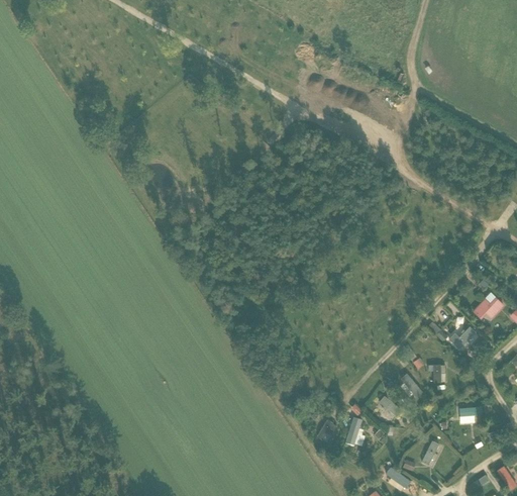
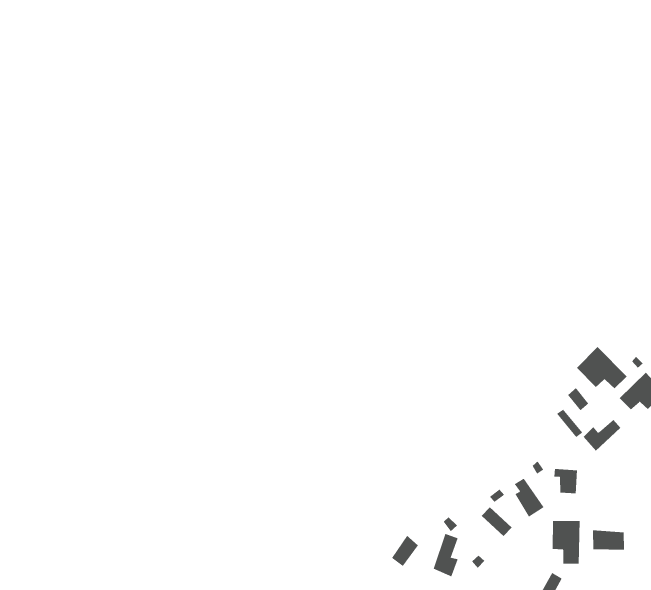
building: none -> [576,346,627,389]
building: none -> [552,520,580,565]

